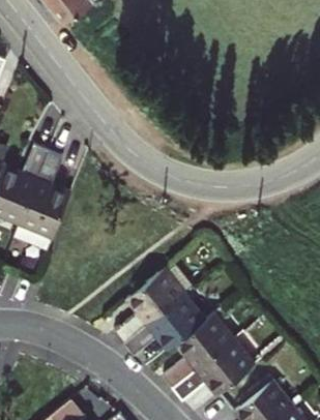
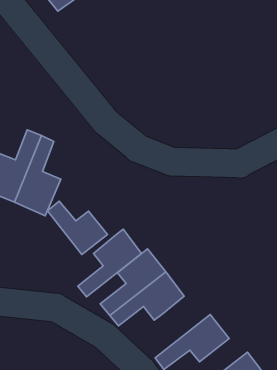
building: none -> [47,201,108,255]
building: [163,314,231,387] -> [78,229,142,297]

